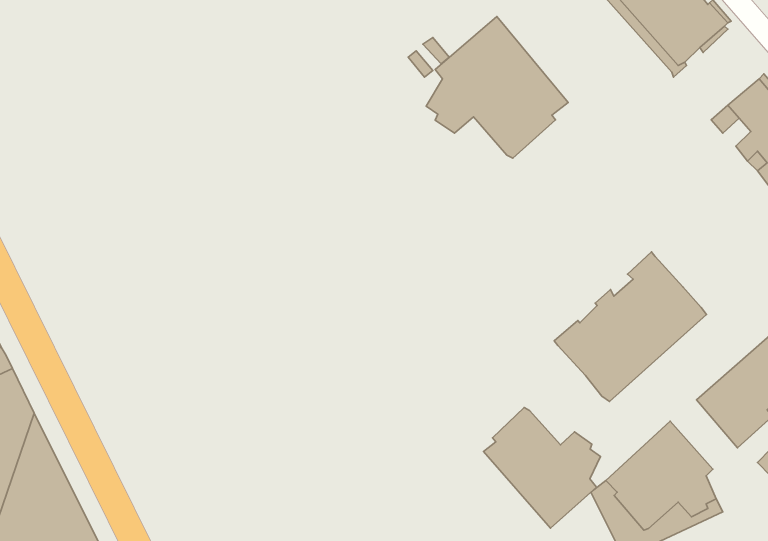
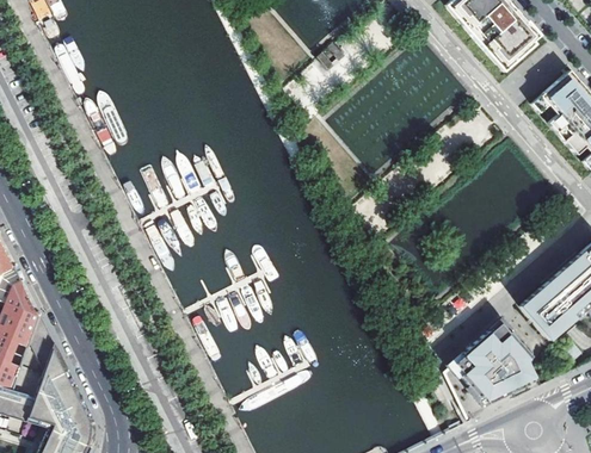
building: [426,17,568,158] -> none
building: [554,252,707,401] -> none
building: [484,408,600,528] -> none

